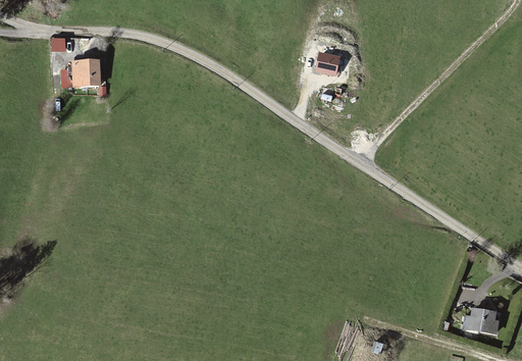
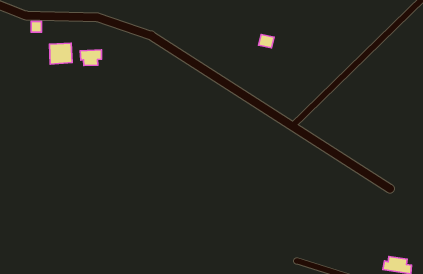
building: none -> [80,50,101,65]

